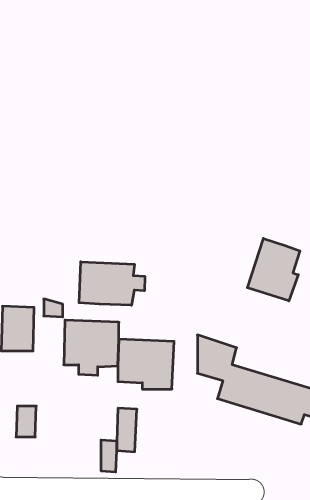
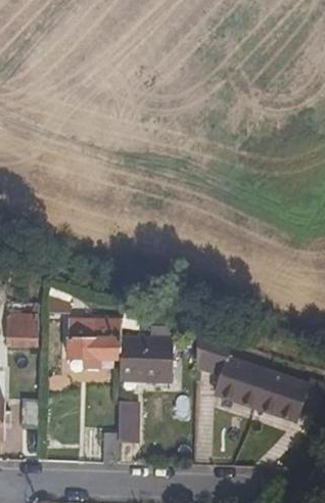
building: [247,238,300,301] -> none
building: [79,262,145,305] -> none

